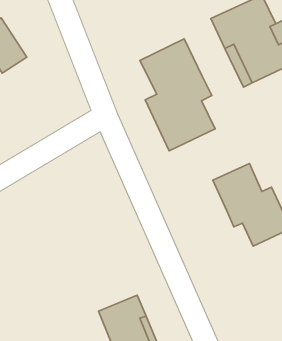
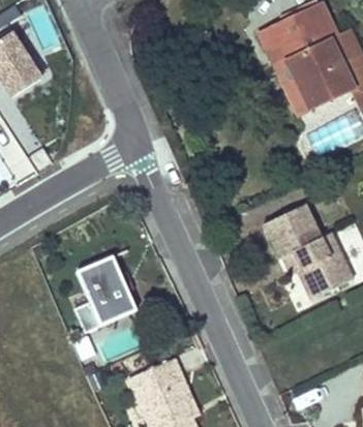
building: [140,39,215,151] -> none
building: none -> [77,256,137,332]

